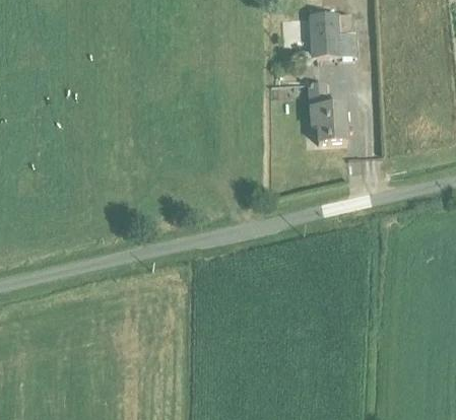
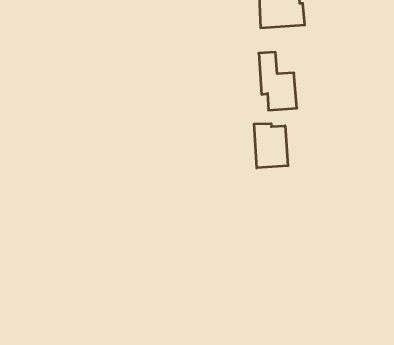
building: none -> [254,124,288,168]

